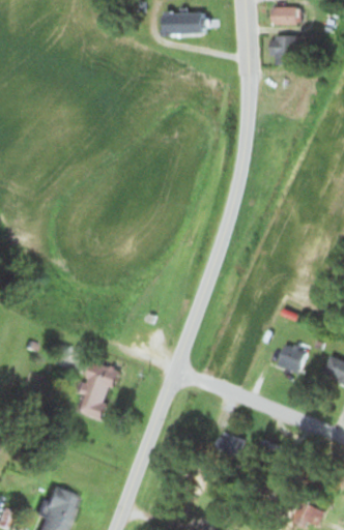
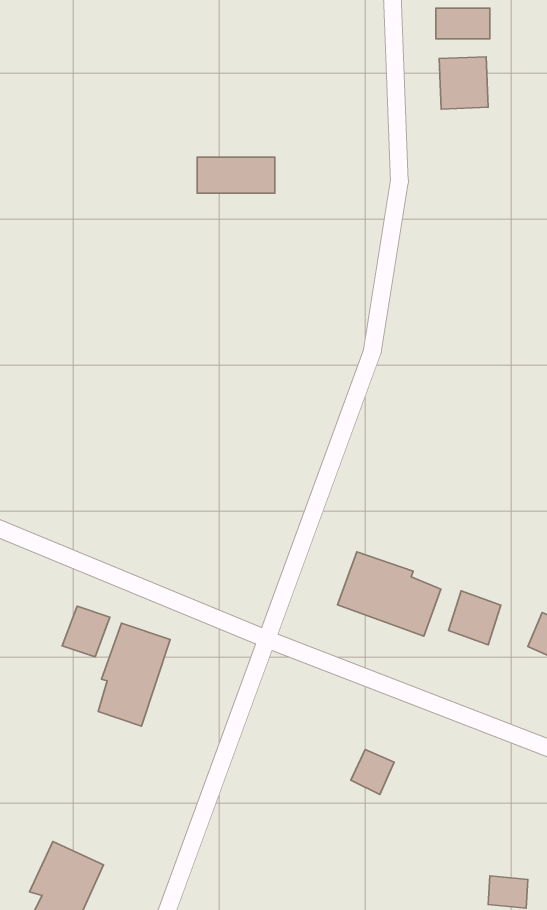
building: [162,12,206,33] -> [197,157,275,193]
building: none -> [338,552,441,636]
building: none -> [62,606,110,657]

